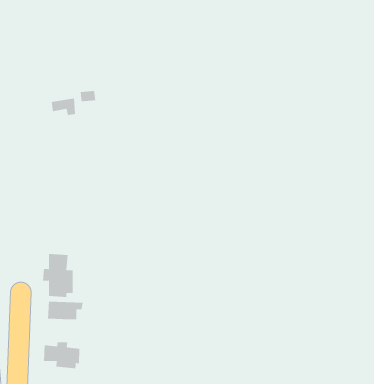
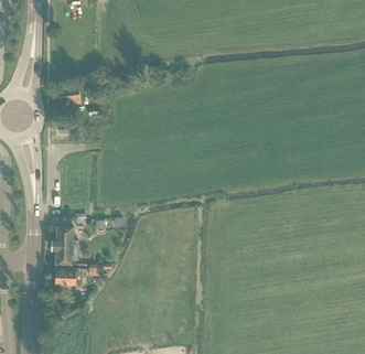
building: [44,342,80,369] -> none

